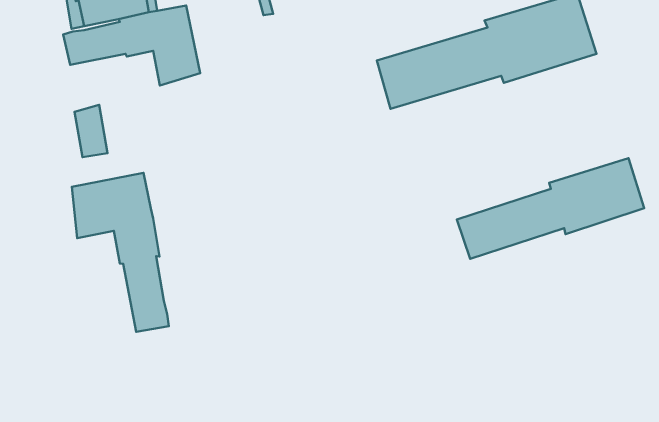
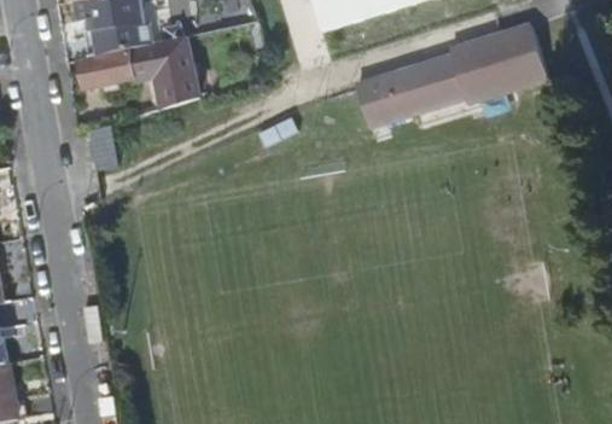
building: [457,158,644,259] -> none
building: [72,173,169,332] -> none

